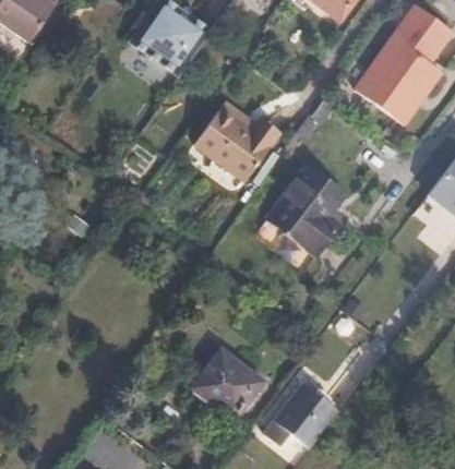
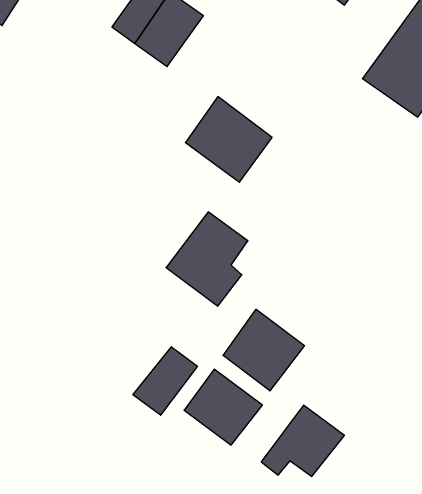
building: [272,168,346,253] -> [166,212,248,306]
building: none -> [223,309,304,391]
building: none -> [133,347,197,415]

